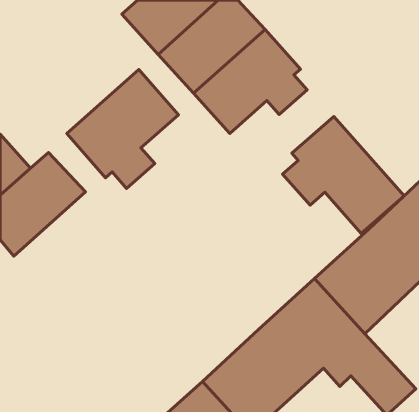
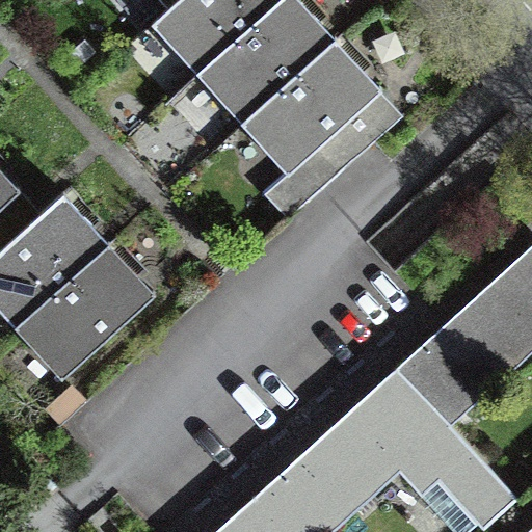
building: [67,70,178,188] -> none
building: [283,116,404,233] -> none
building: none -> [20,254,153,382]

